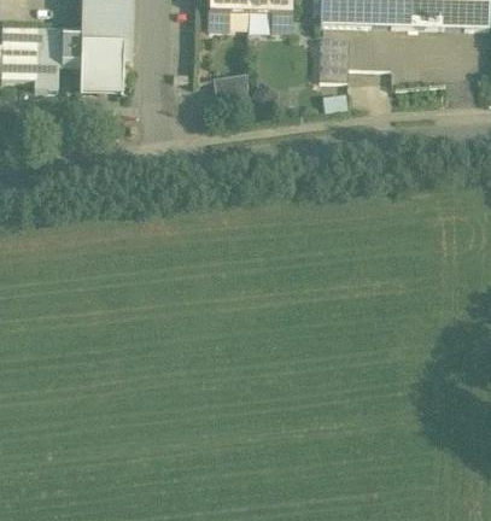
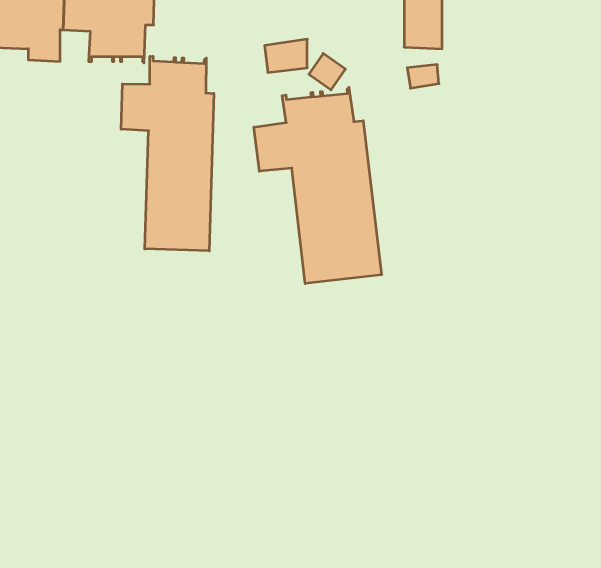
building: none -> [121,56,214,251]
building: none -> [254,87,382,284]

